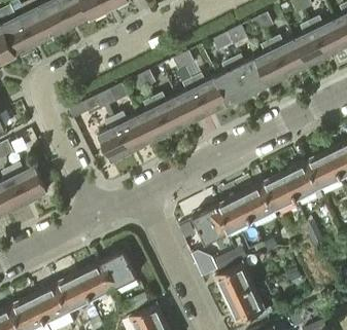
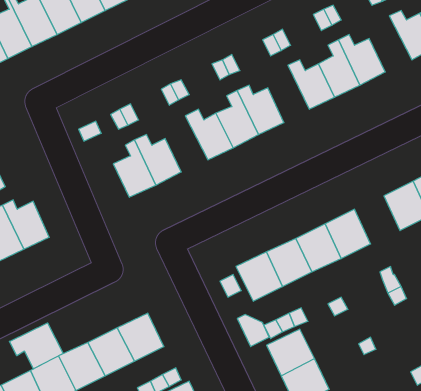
building: [294,23,327,66] -> none
building: [216,61,248,105] -> none
building: [137,100,170,143] -> none
building: [283,161,318,198] -> none
building: none -> [9,323,63,369]

